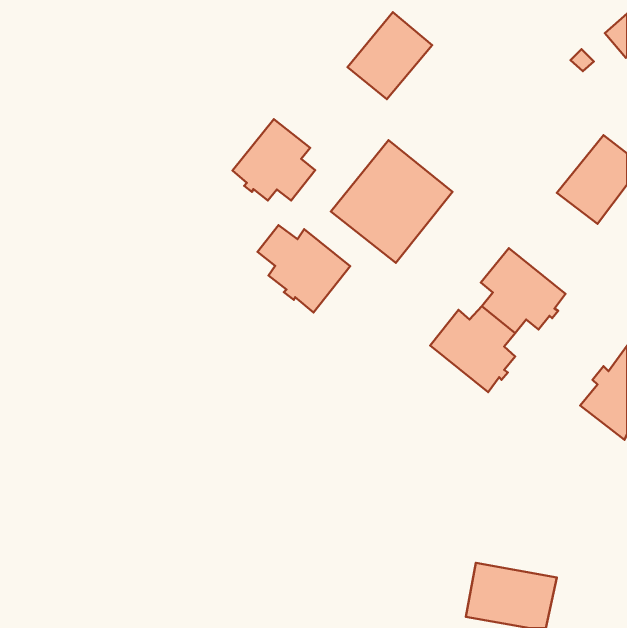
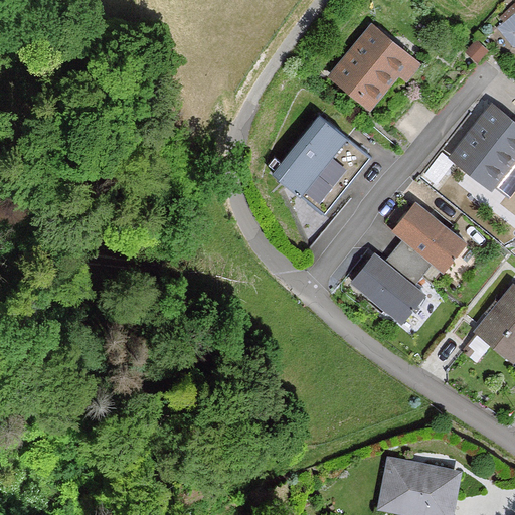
building: [347,12,432,99] -> [336,31,405,103]
building: [232,119,315,201] -> none
building: [257,225,350,313] -> none

